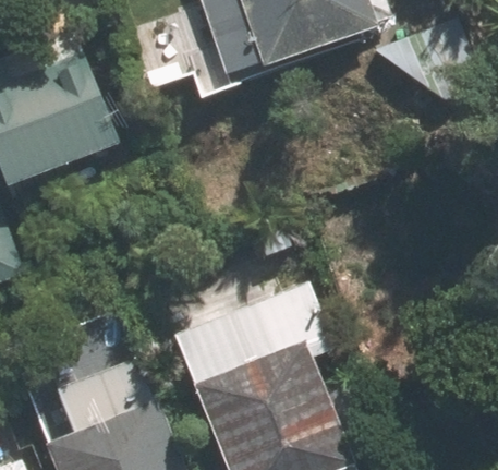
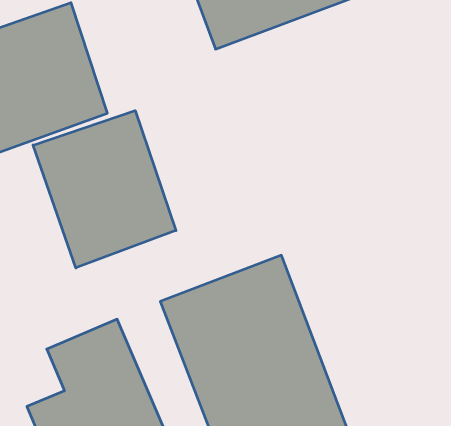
building: none -> [33,111,176,268]

